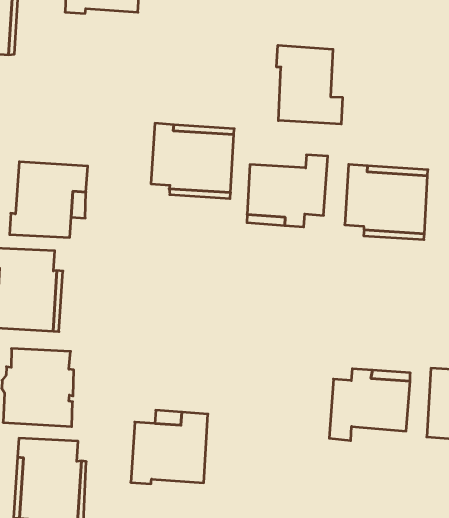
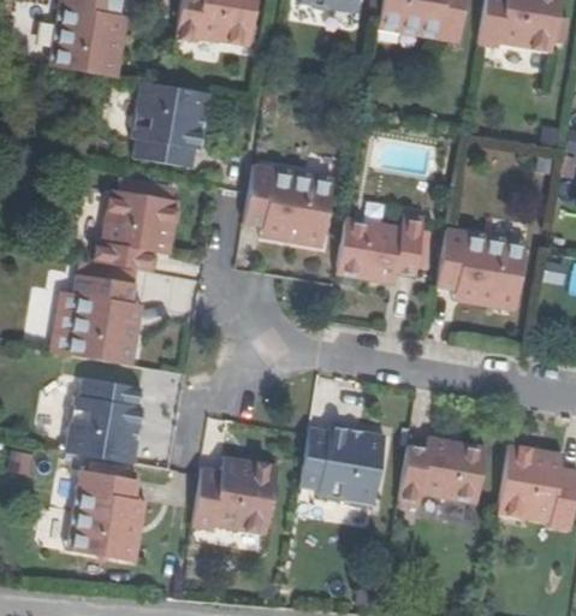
building: [277,45,342,124] -> none
building: none -> [129,81,210,167]
building: none -> [298,426,386,504]

